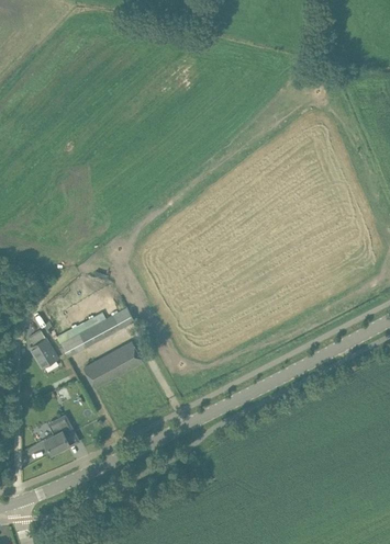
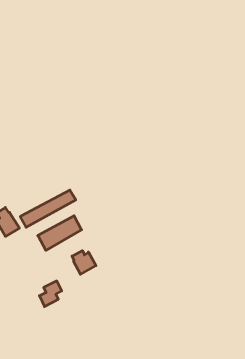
building: none -> [72,251,96,274]
building: [43,419,73,453] -> [39,281,62,307]

